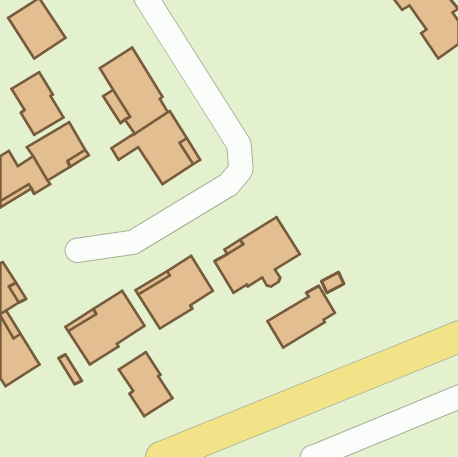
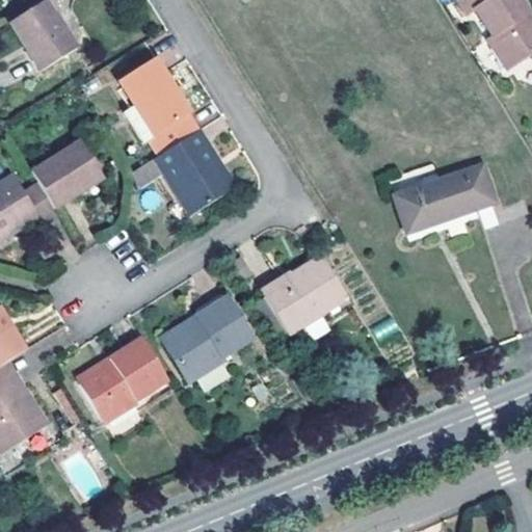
building: [11,72,63,135] -> none
building: none -> [395,163,498,232]
building: [268,286,335,348] -> none
building: [119,352,172,416] -> none

